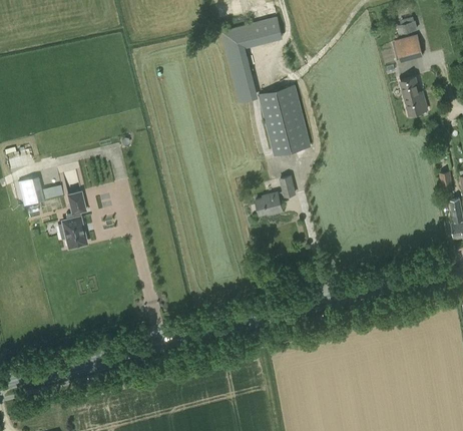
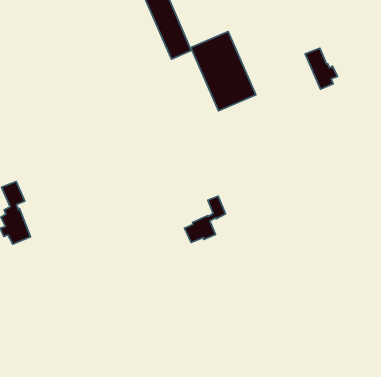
building: [401,80,427,117] -> [305,48,338,89]
building: [255,176,294,214] -> [184,196,225,243]

